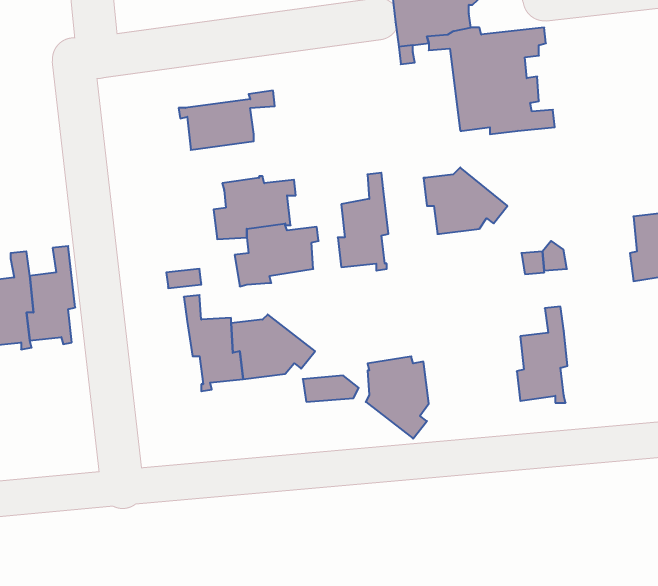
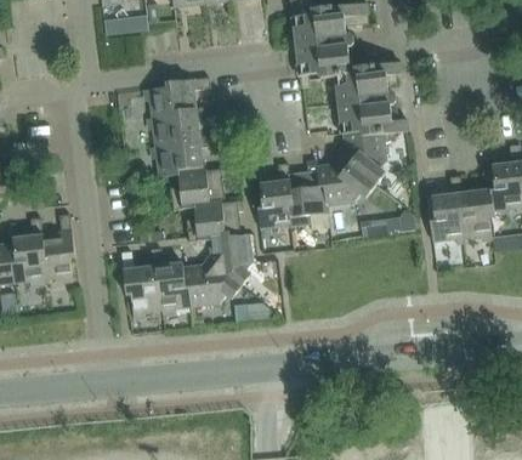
building: none -> [144,75,211,117]
building: none -> [342,130,386,184]
building: none -> [151,134,217,176]
building: none -> [288,164,328,225]
building: none -> [121,250,164,317]
building: [517,307,567,403] -> [430,175,465,242]
building: [366,356,429,439] -> [209,228,253,285]

